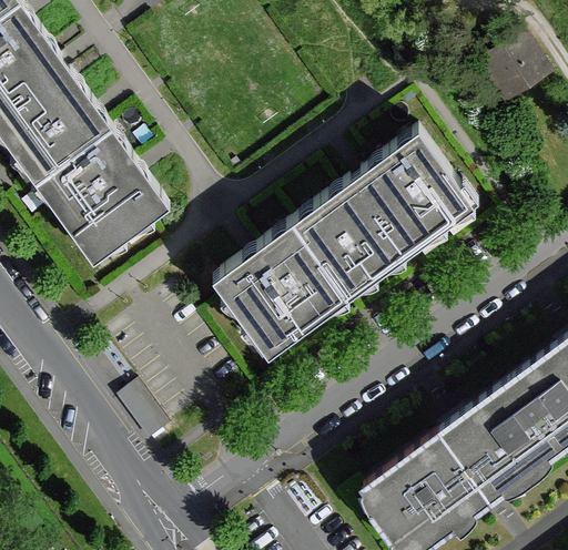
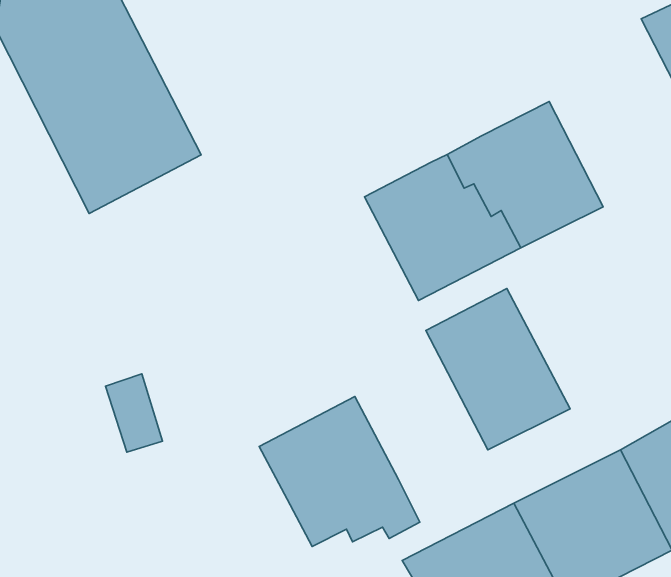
building: [223,223,346,348] -> none
building: none -> [426,289,570,450]
building: none -> [259,397,420,546]

